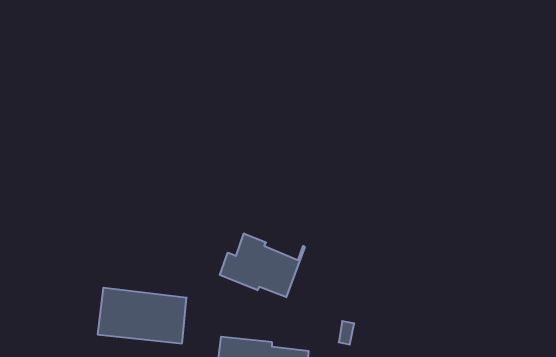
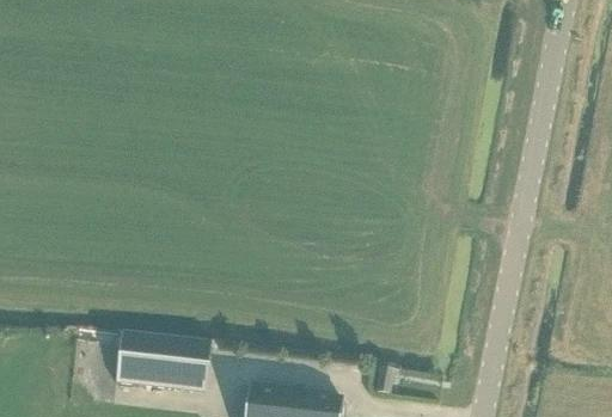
building: [220,233,305,297] -> none

